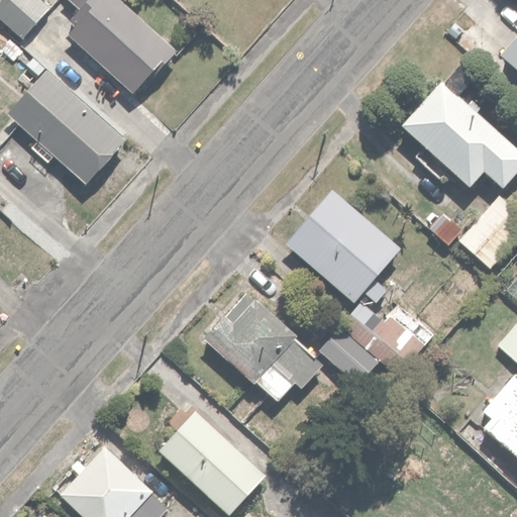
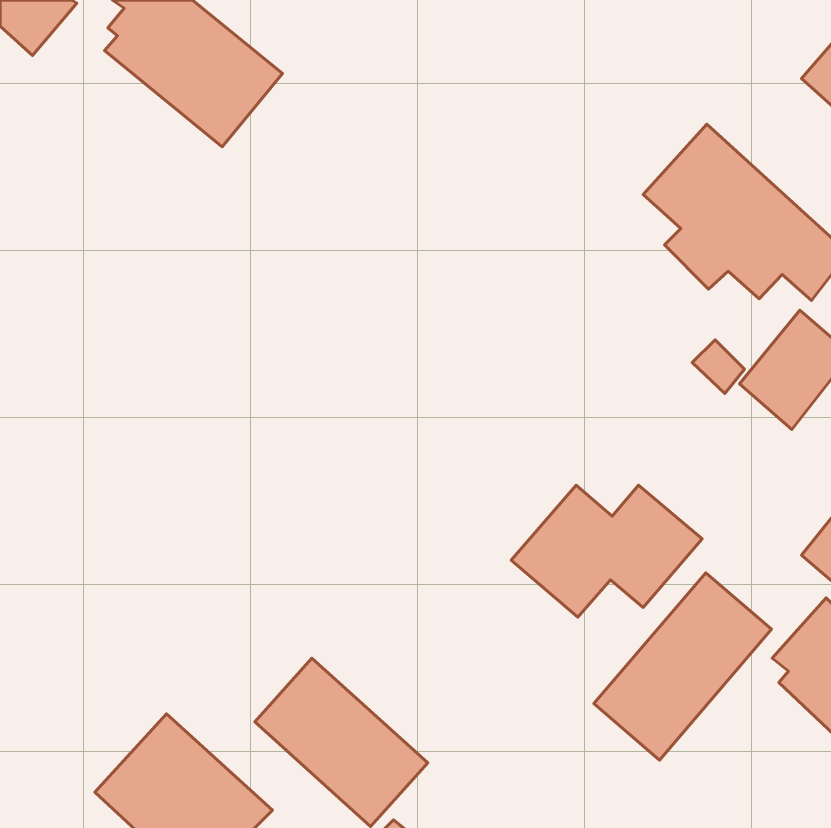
building: [7,69,125,182] -> none
building: [285,188,402,303] -> none
building: [203,296,326,403] -> none
building: none -> [594,573,772,760]

